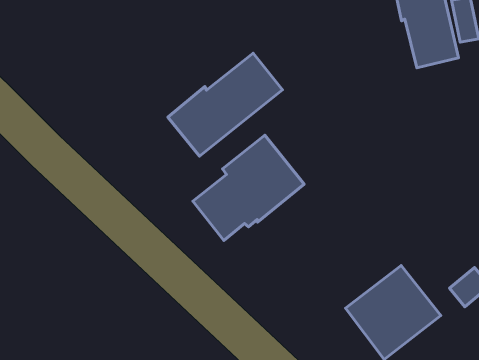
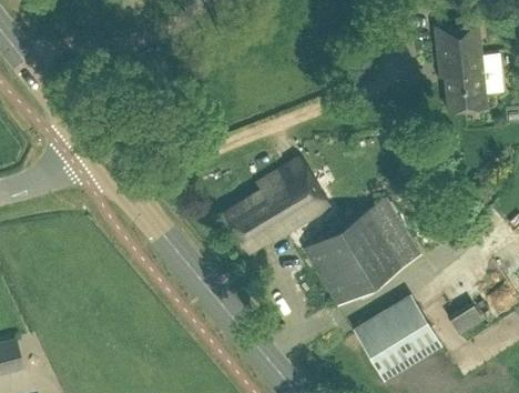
building: [168,53,282,156] -> none
building: none -> [305,199,421,306]

